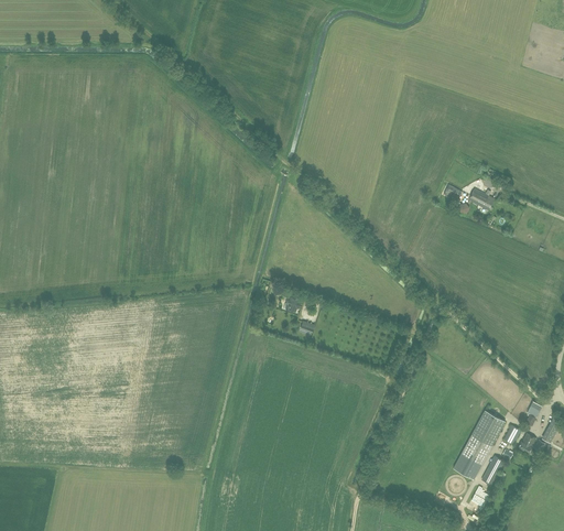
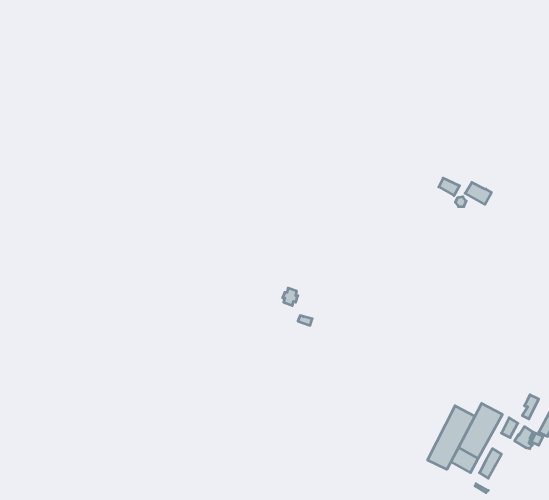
building: none -> [428,406,475,469]

